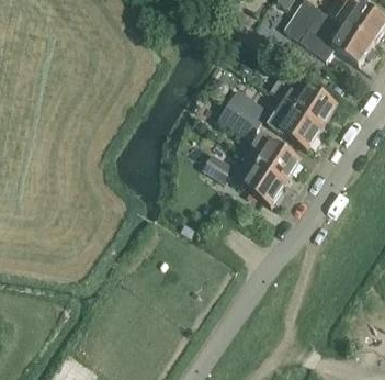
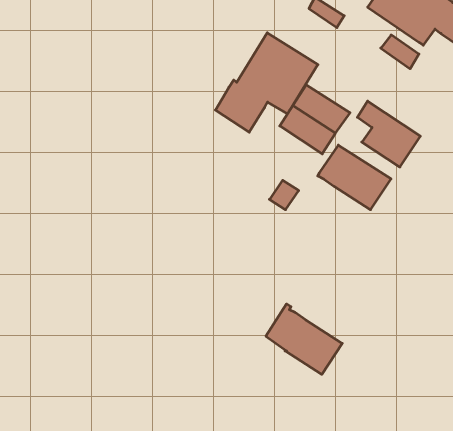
building: none -> [215,33,318,132]
building: [283,75,338,124] -> none
building: [228,149,285,202] -> [266,304,342,374]

